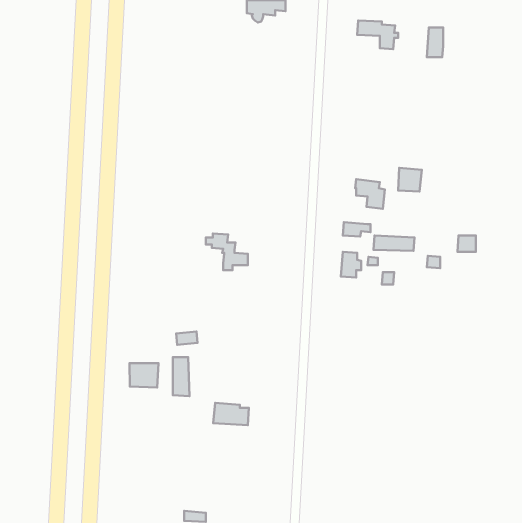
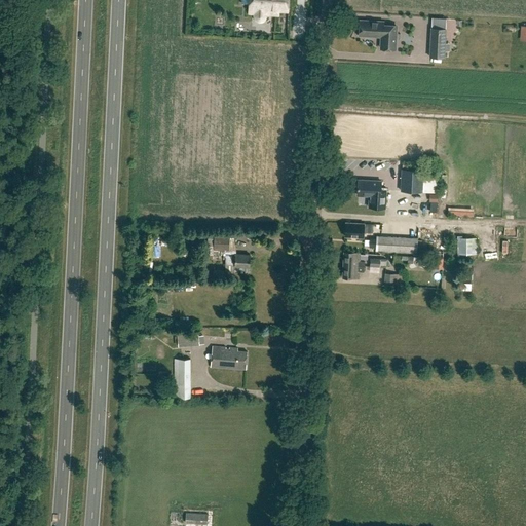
building: [130,363,158,387] -> none
building: [213,403,249,425] -> [210,346,246,369]

